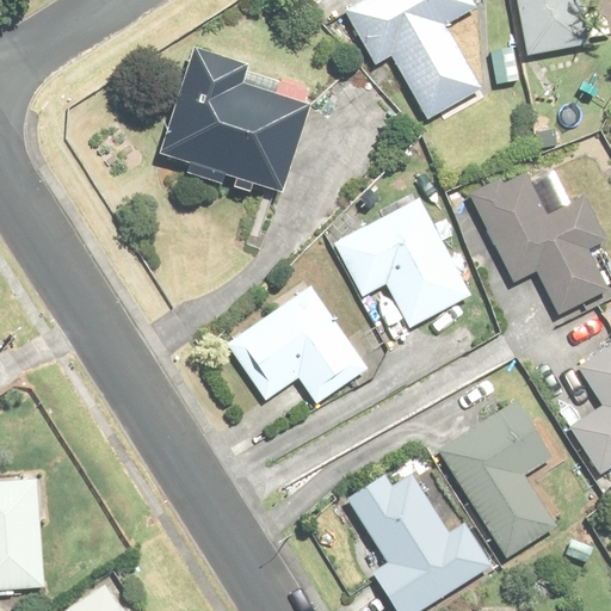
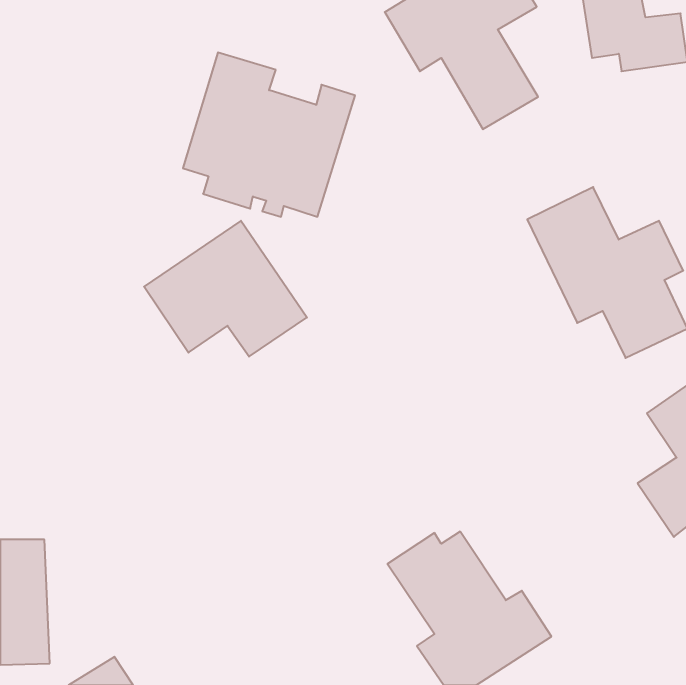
building: [335,197,473,329] -> none
building: [224,284,369,405] -> [144,221,307,357]
building: [436,399,555,555] -> none

